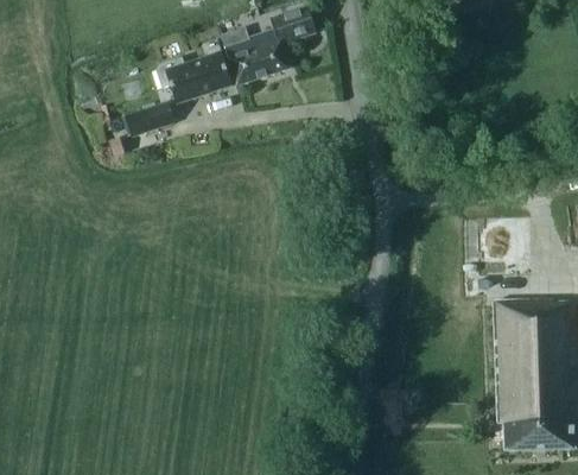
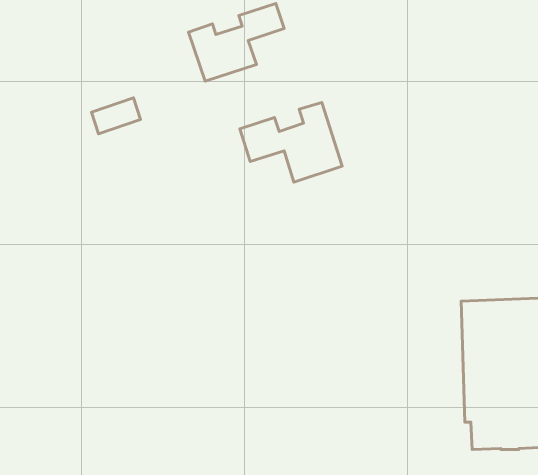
building: [158,39,234,102] -> none
building: none -> [240,103,342,182]

